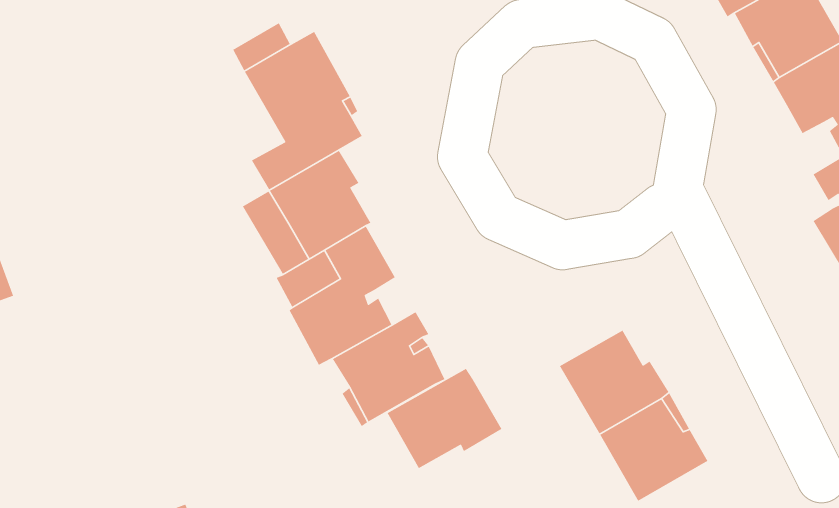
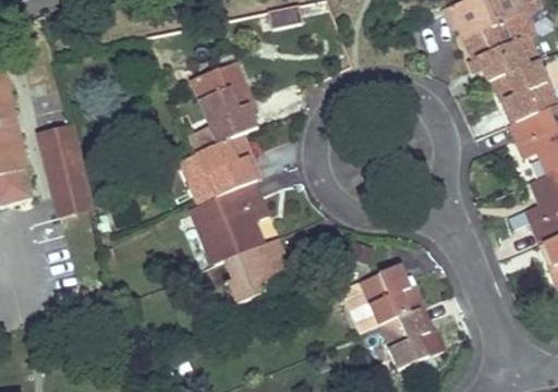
building: none -> [40,125,93,216]
building: [386,368,503,469] -> none

